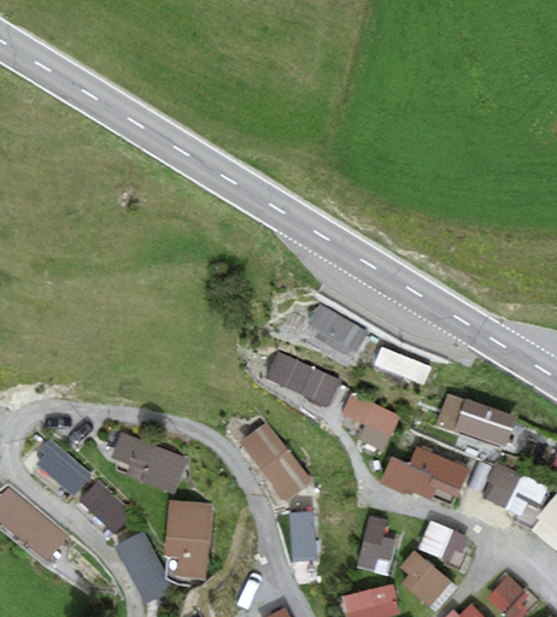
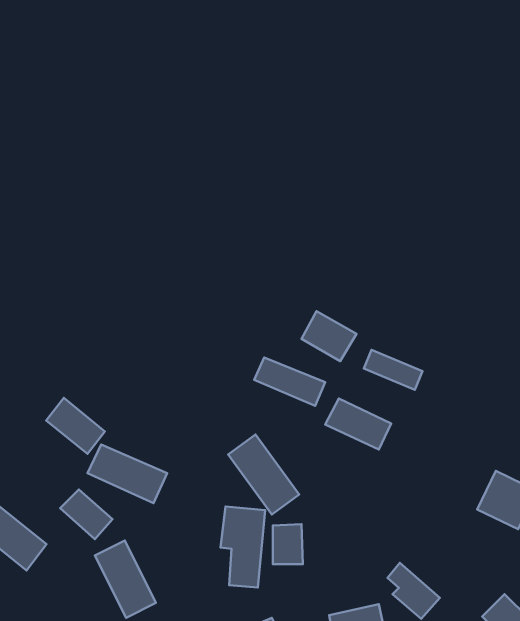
building: [435,390,518,447] -> none
building: [36,441,93,495] -> [46,398,105,454]
building: [379,445,470,498] -> none
building: [166,499,210,577] -> [220,507,265,588]
building: [420,524,473,564] -> none
building: [359,527,393,576] -> none

